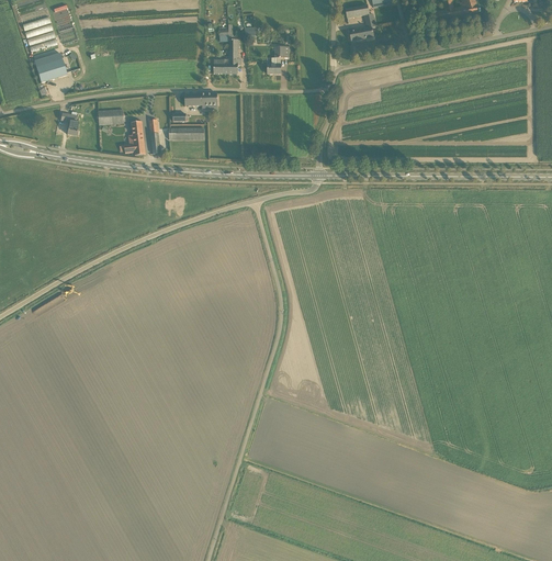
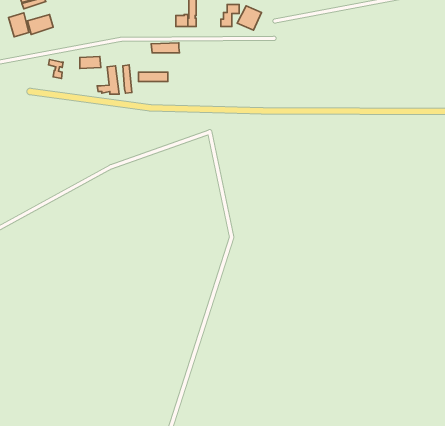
building: none -> [237,6,261,30]
building: none -> [8,13,29,37]

